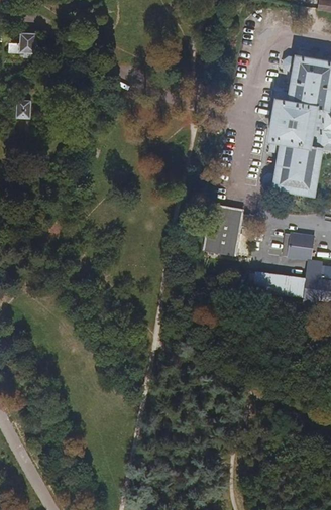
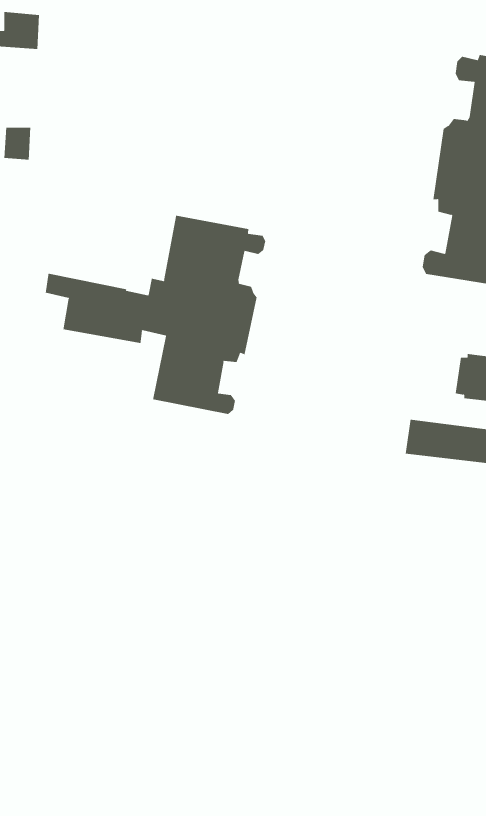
building: none -> [45,215,266,415]
building: [201,202,244,254] -> none

